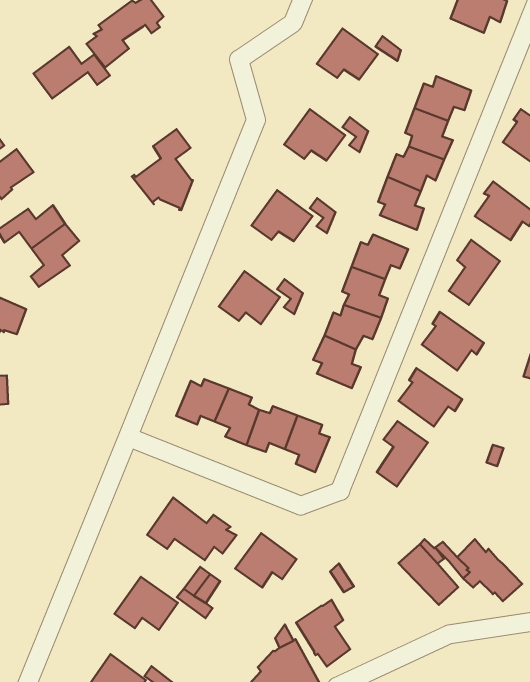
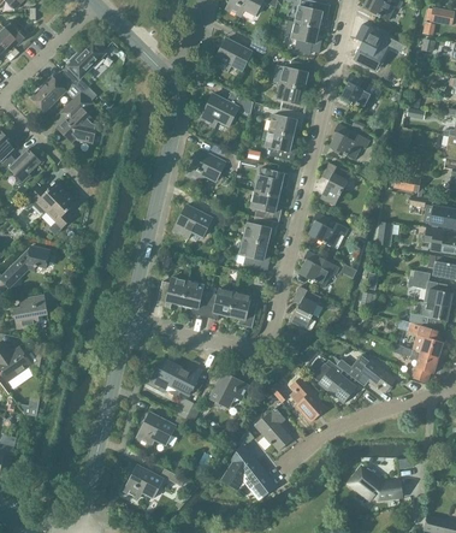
building: none -> [285,20,322,54]
building: [132,129,193,210] -> [57,91,96,143]
building: none -> [290,378,326,422]

